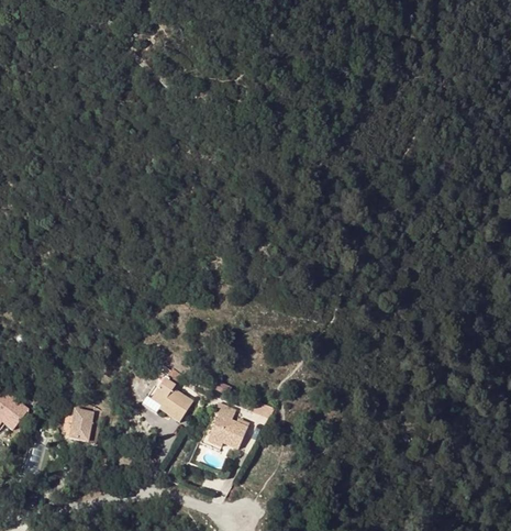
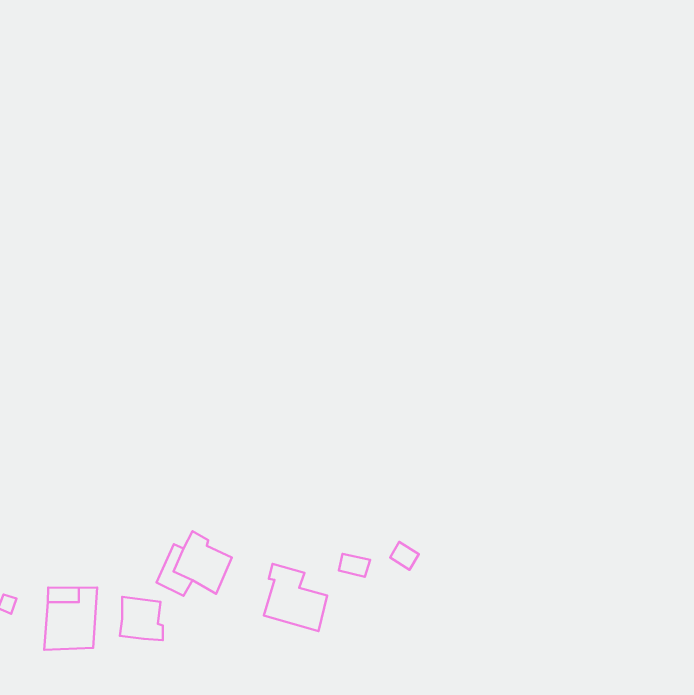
building: none -> [120,597,163,640]

